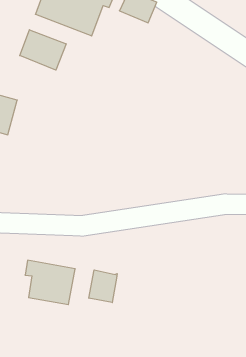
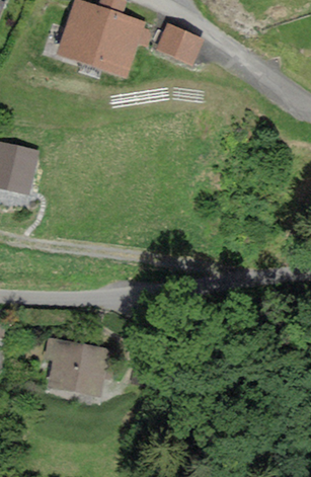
building: [20,30,66,70] -> none
building: [89,270,117,303] -> none

